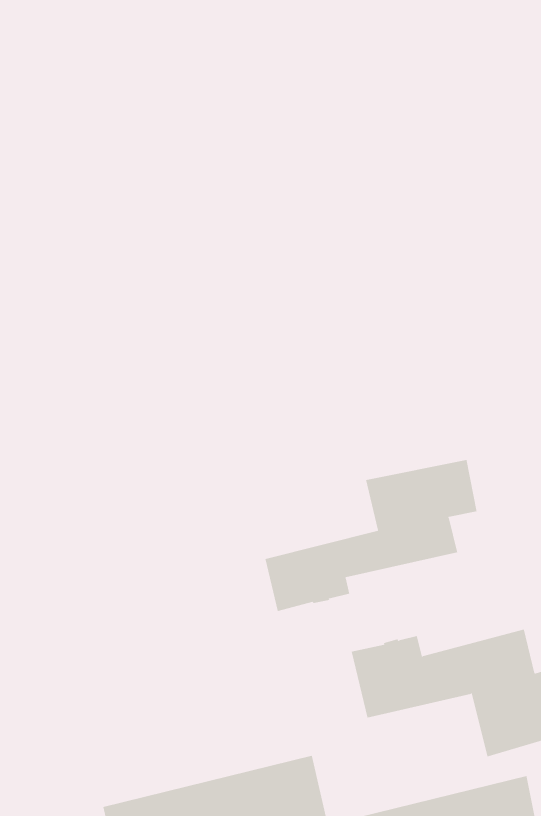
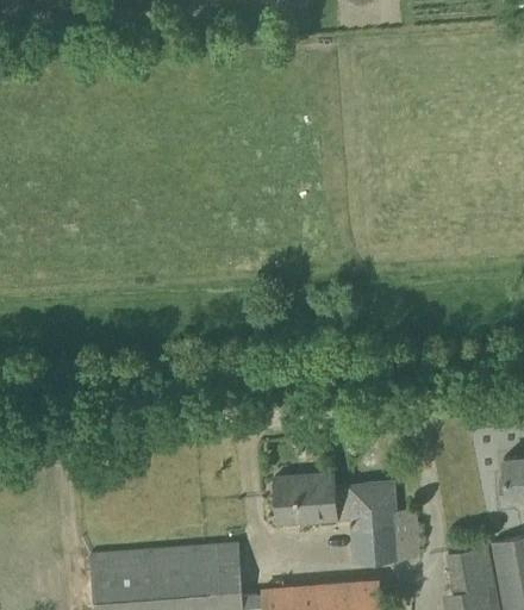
building: [265,459,477,612] -> none

